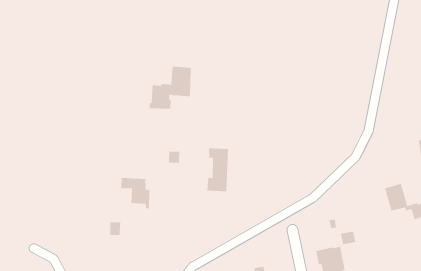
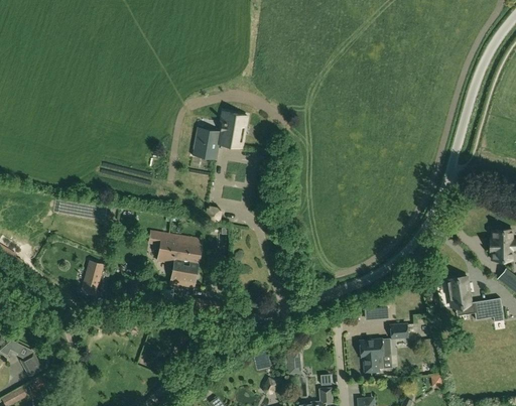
building: [206,148,229,192] -> [170,235,202,287]
building: none -> [82,261,110,294]

